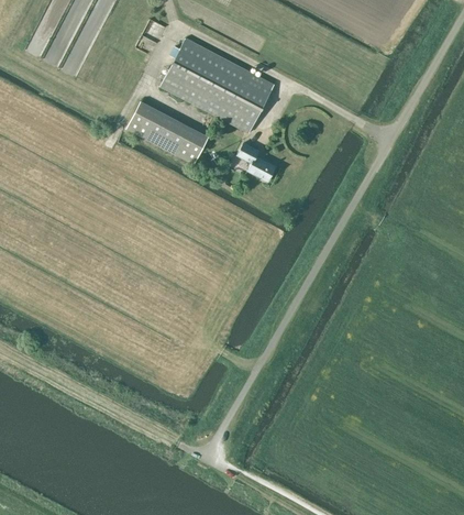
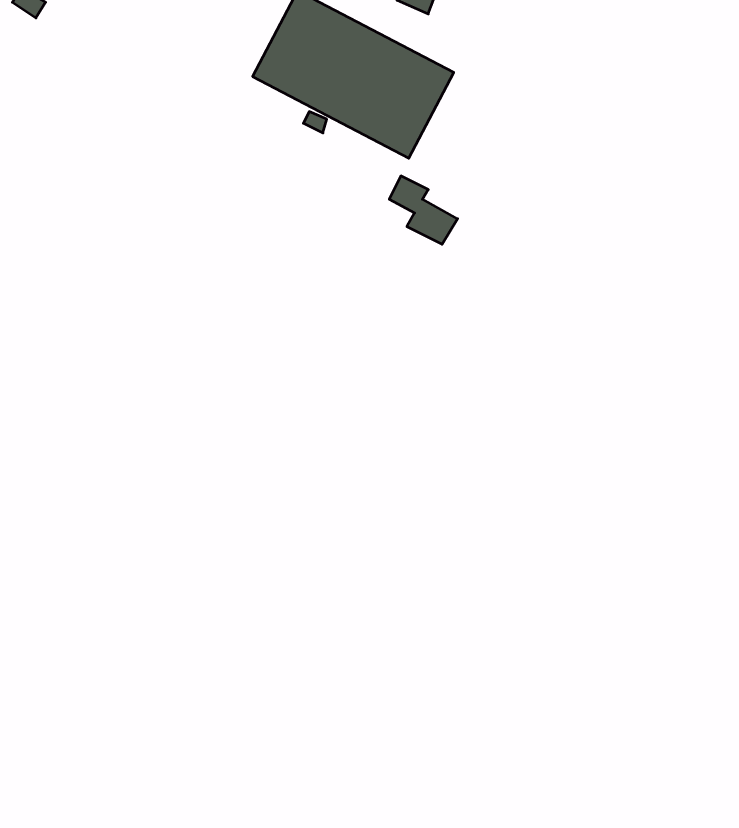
building: [125,100,210,165] -> none

